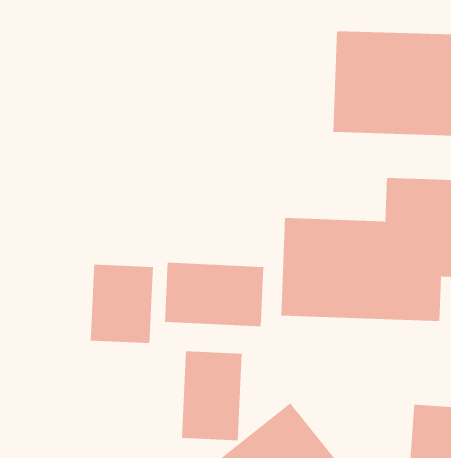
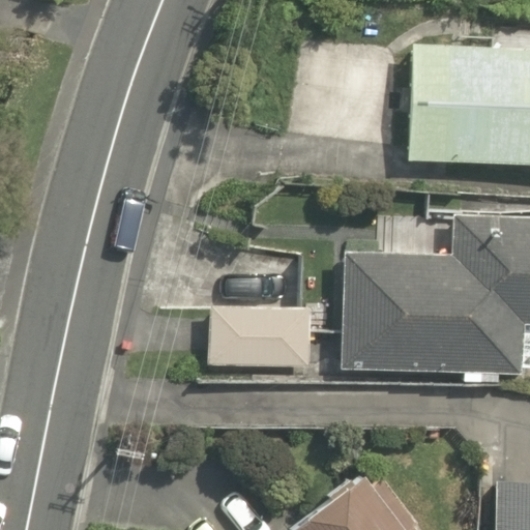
building: [90,264,153,344] -> none
building: [181,350,242,441] -> none

